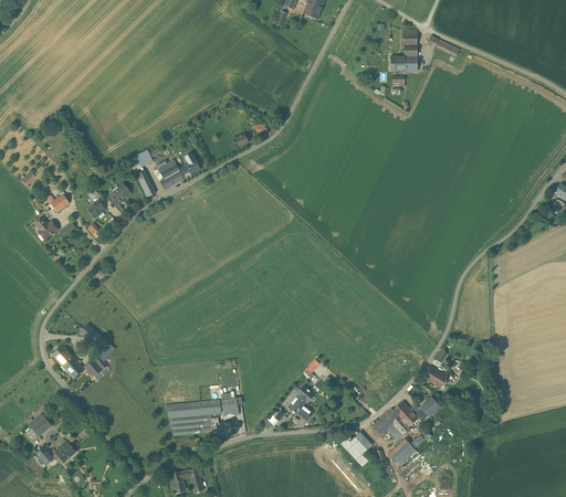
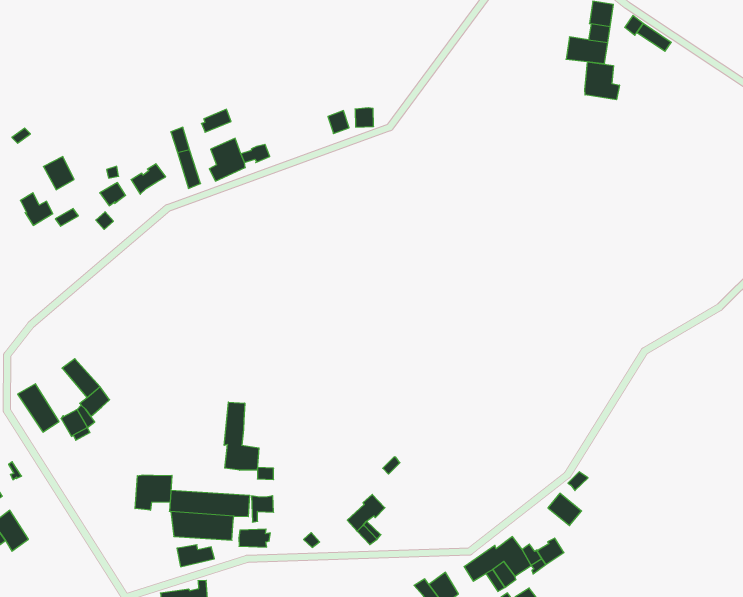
building: none -> [585,62,619,100]
building: none -> [224,402,259,470]
building: none -> [135,475,172,510]

